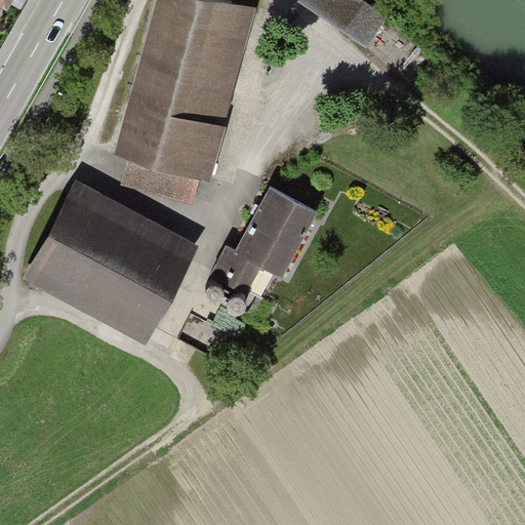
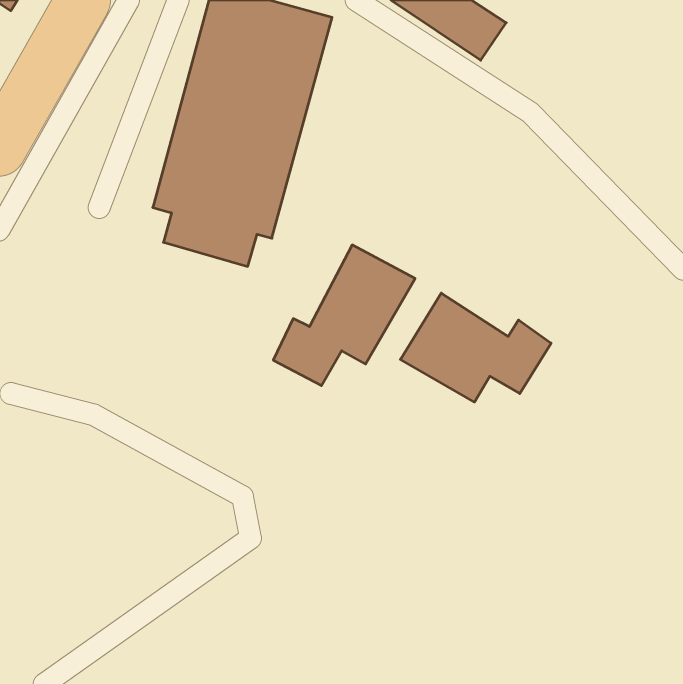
building: [21,176,197,341] -> none
building: none -> [400,293,551,402]

